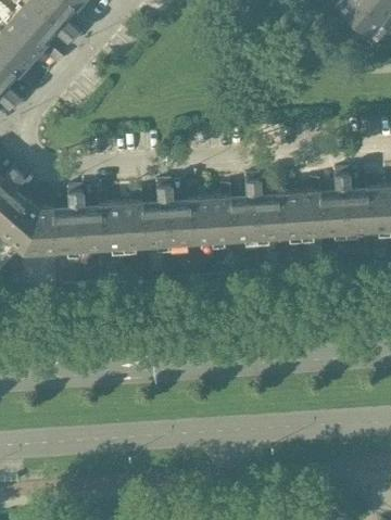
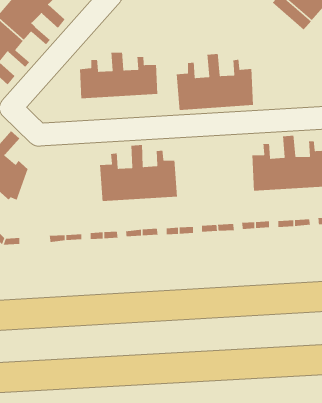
building: none -> [79,52,158,99]
building: [210,178,301,245] -> [176,53,254,111]
building: [25,190,124,256] -> none

